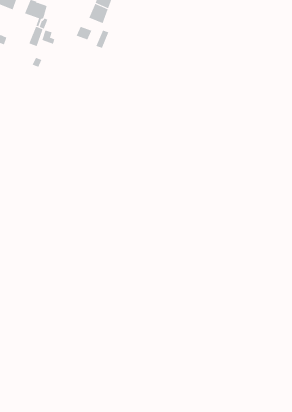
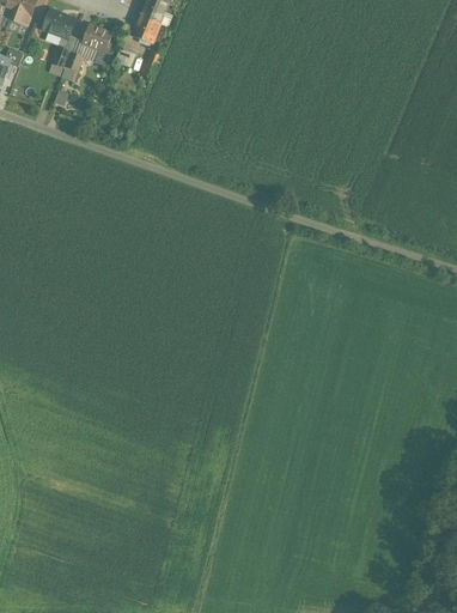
building: none -> [83,25,114,66]

